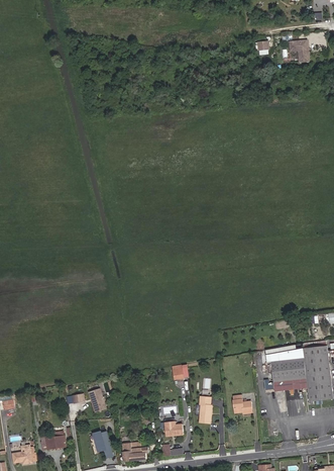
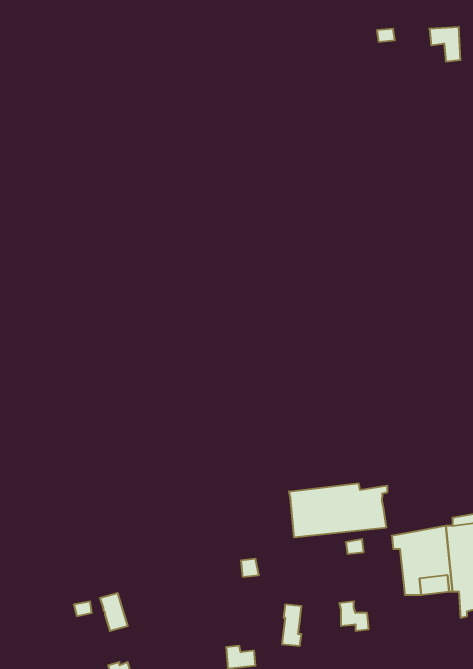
building: none -> [289,483,387,537]

